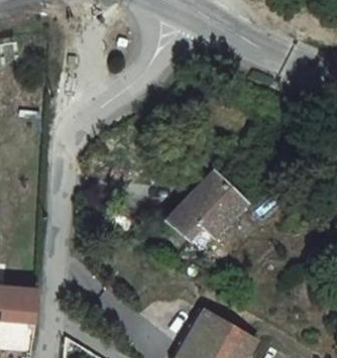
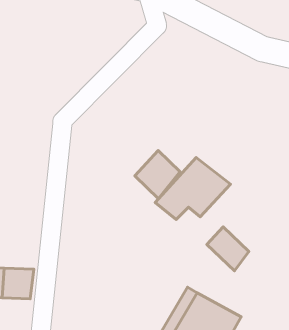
building: none -> [135,150,180,199]
building: none -> [207,227,249,271]

